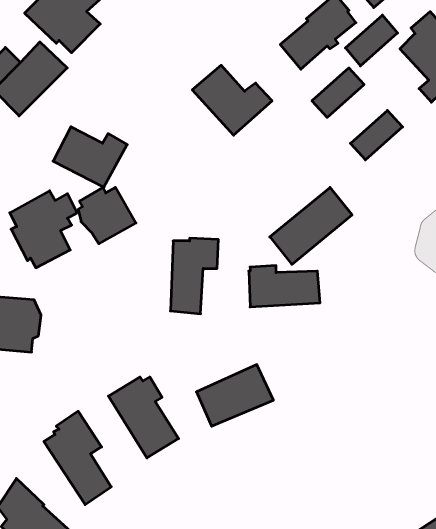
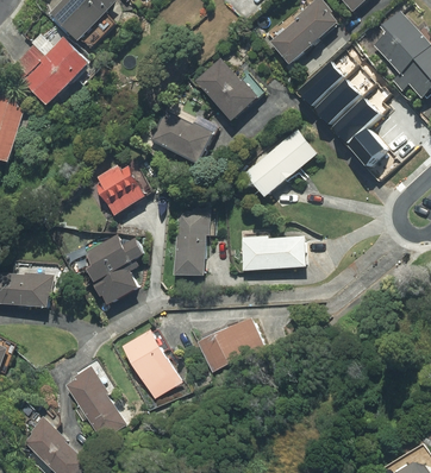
building: [345,15,398,66] -> [313,80,358,124]
building: [53,127,127,187] -> [150,111,214,163]
building: none -> [346,128,383,165]
building: [270,187,352,264] -> [244,130,316,196]
building: [10,191,77,268] -> [83,235,142,302]

